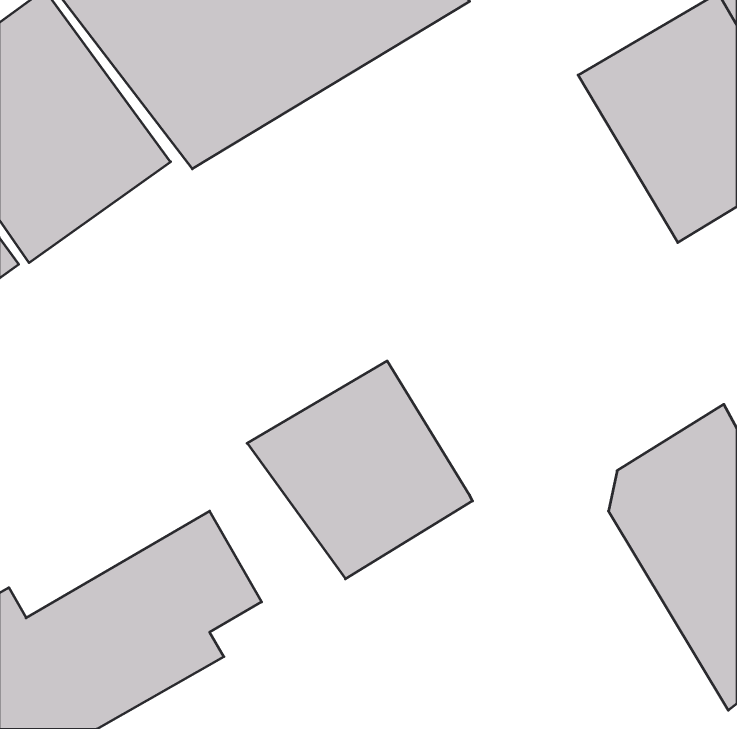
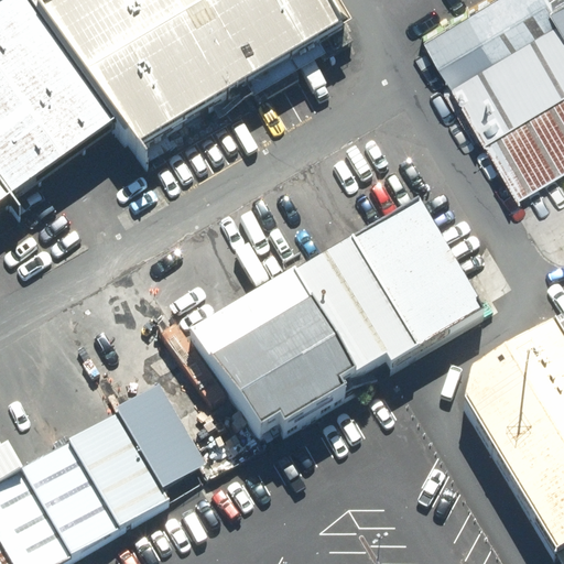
building: none -> [295,200,487,378]

